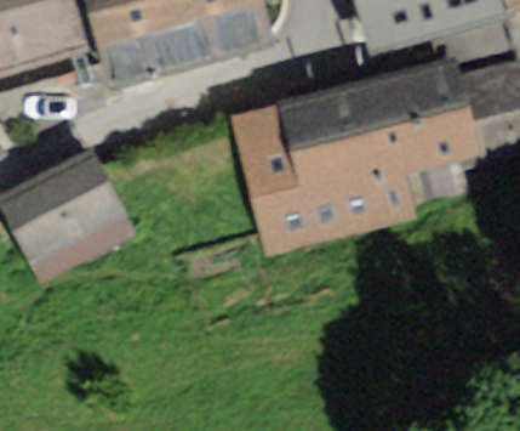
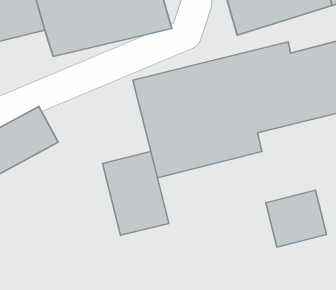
building: none -> [102,152,169,235]
building: none -> [266,190,326,247]

